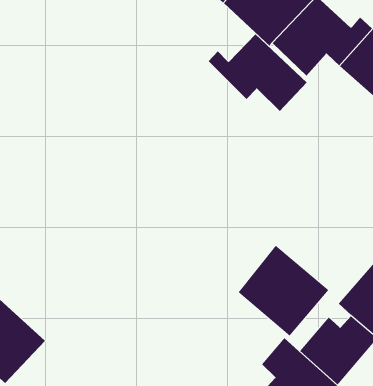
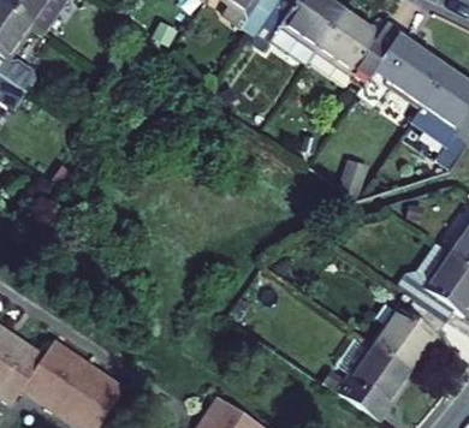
building: [208,33,307,112] -> none
building: [238,245,329,336] -> none

